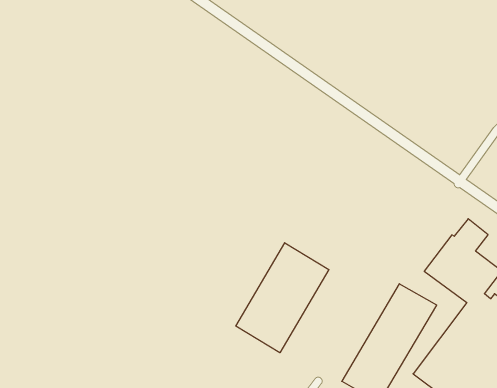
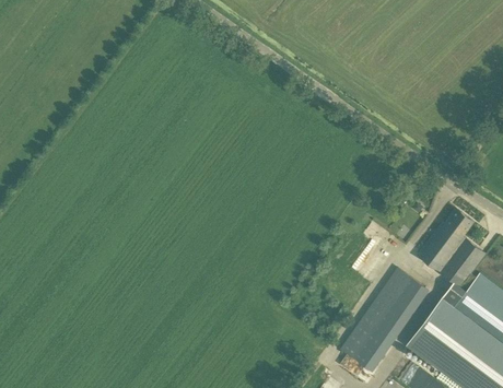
building: [236,243,329,353] -> none

